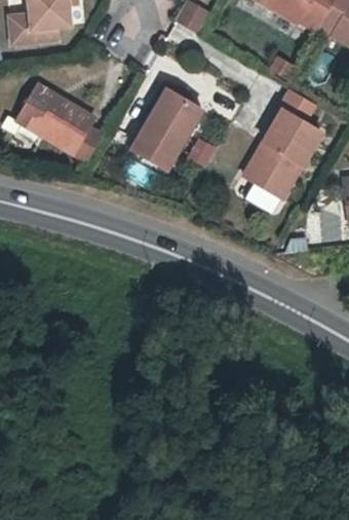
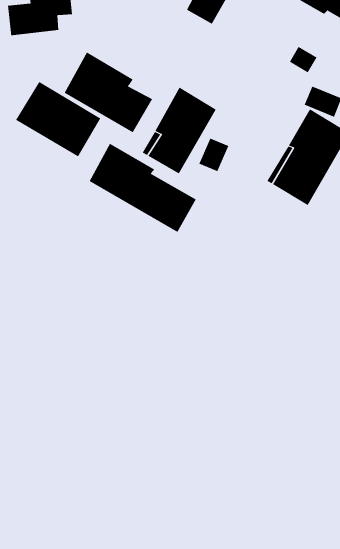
building: none -> [64,52,153,133]
building: none -> [89,143,196,233]

